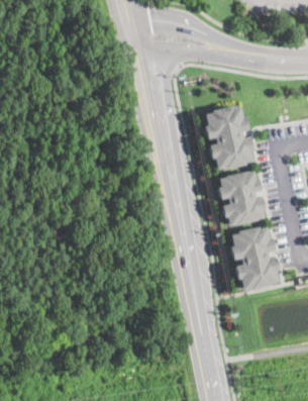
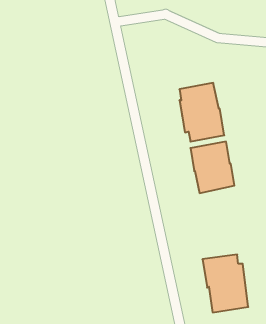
building: [229,226,280,290] -> [202,255,248,312]

